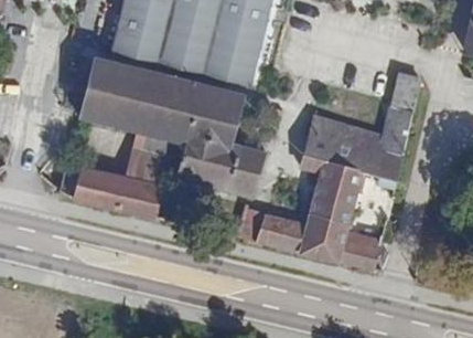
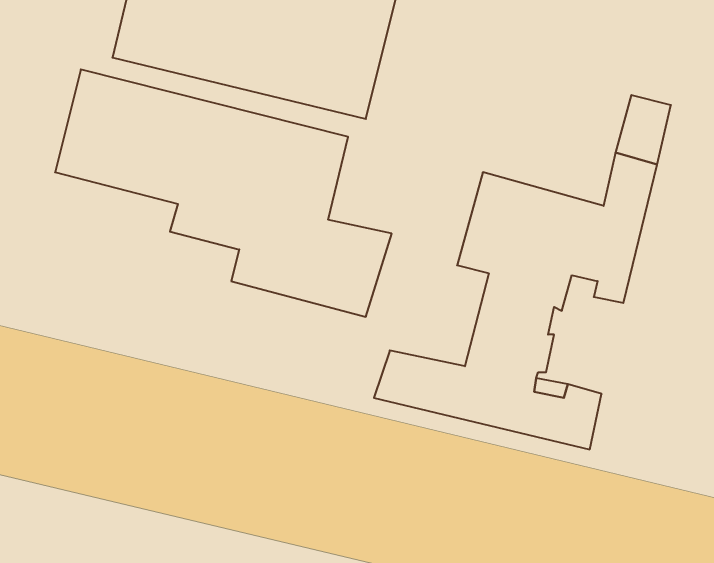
building: [60,166,162,218] -> none

